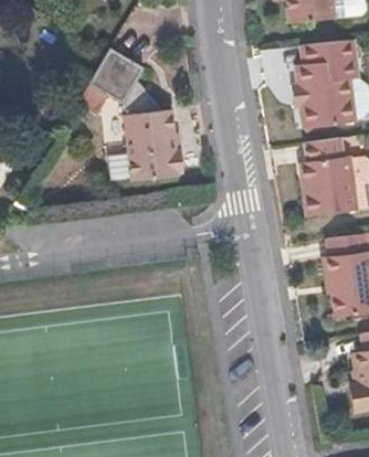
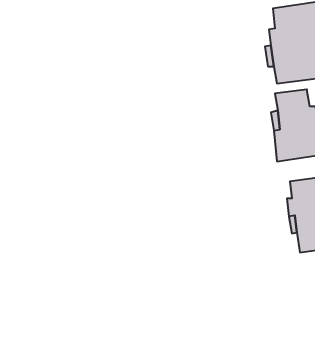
building: [91,45,186,183] -> none

